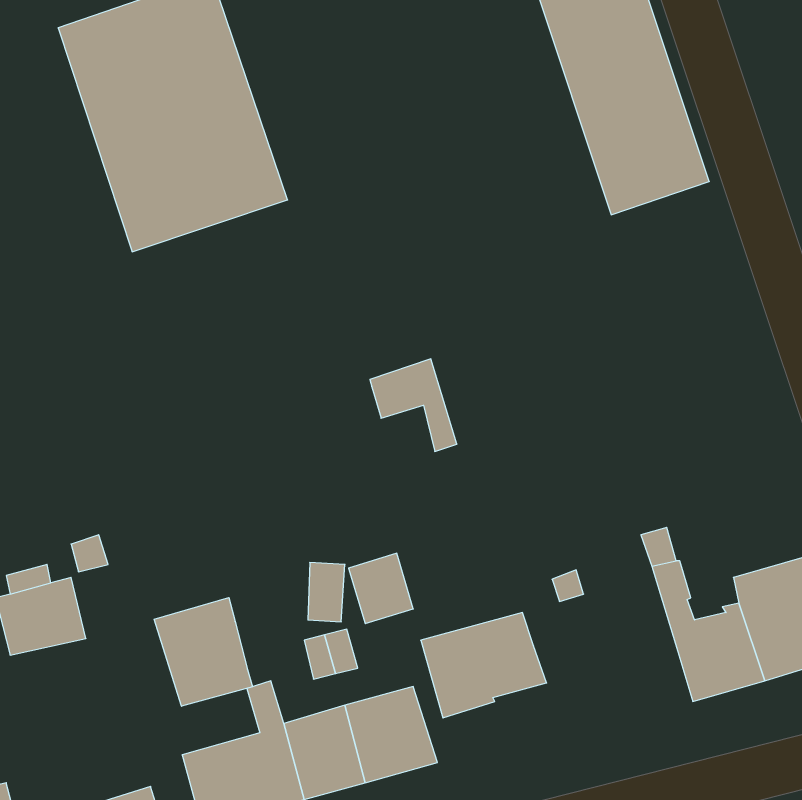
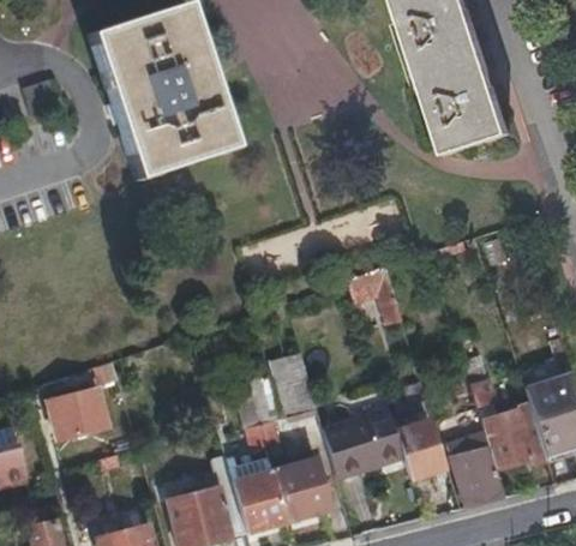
building: [370,359,457,451] -> [347,265,403,325]
building: [154,598,252,706] -> none
building: none -> [395,415,443,482]
building: none -> [448,437,506,509]

